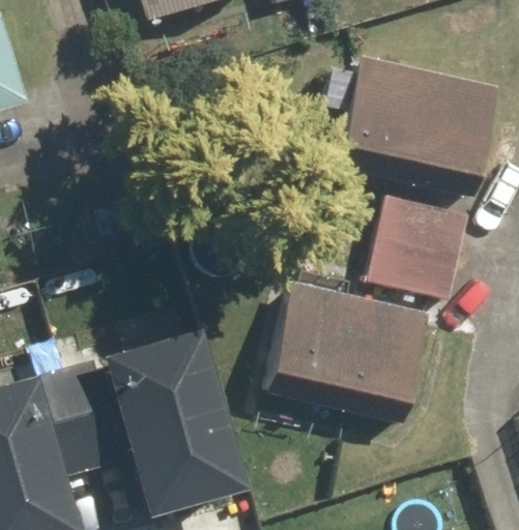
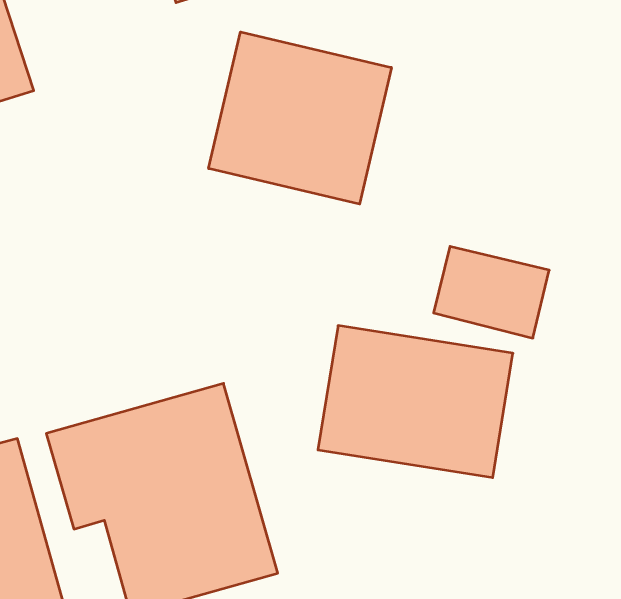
building: none -> [209,32,391,204]
building: [338,56,502,174] -> none

